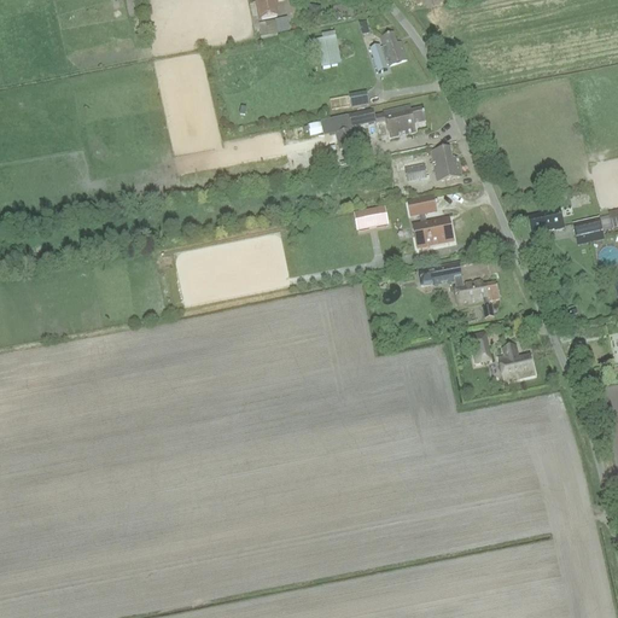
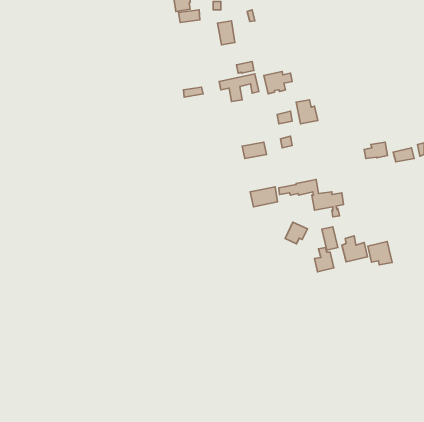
building: [377,31,407,64] -> none
building: [413,217,453,246] -> [250,187,278,207]
building: none -> [285,222,307,244]
building: none -> [368,242,392,265]
building: none -> [314,248,334,272]

